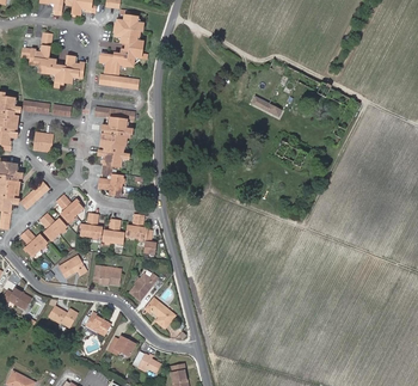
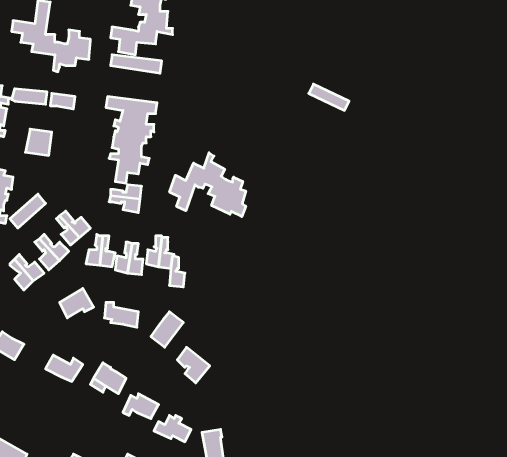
building: none -> [170,153,246,217]

